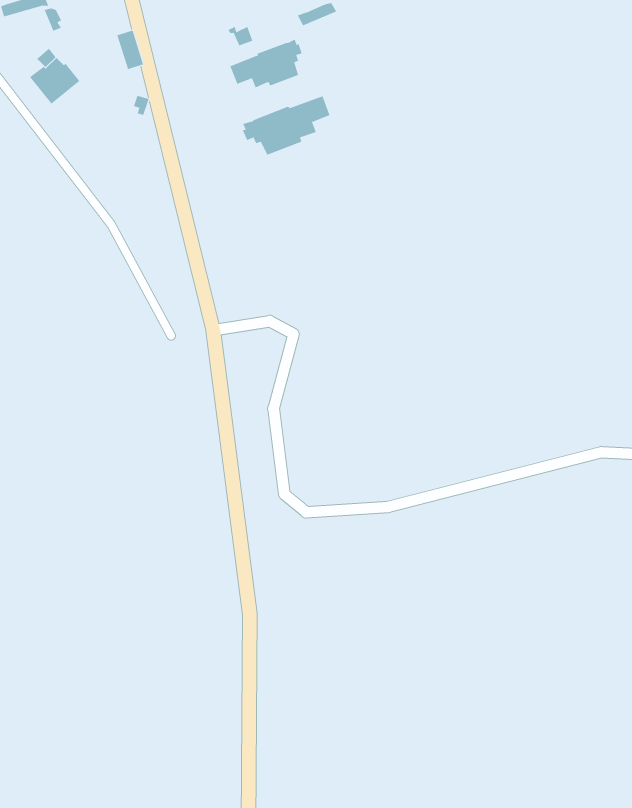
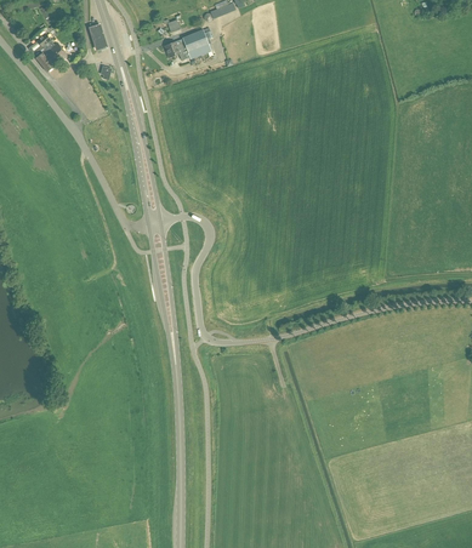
building: [242,95,330,156] -> none

